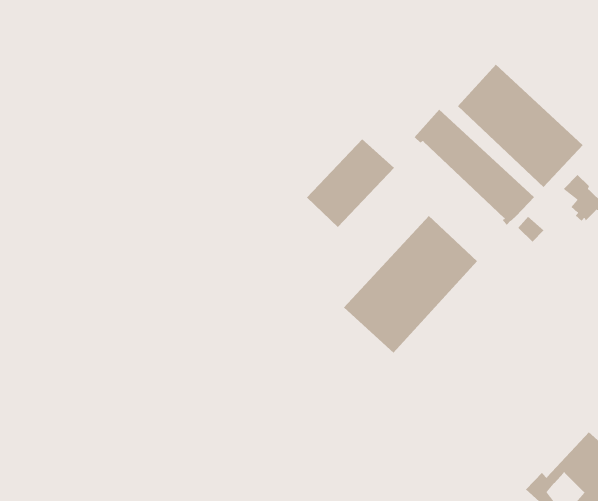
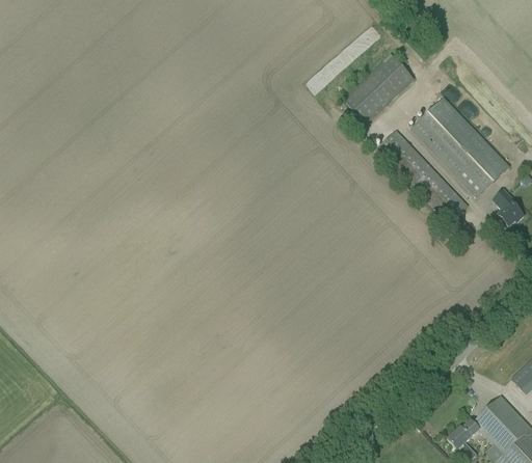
building: [306,139,395,228] -> [342,54,415,125]
building: [343,215,478,354] -> none

